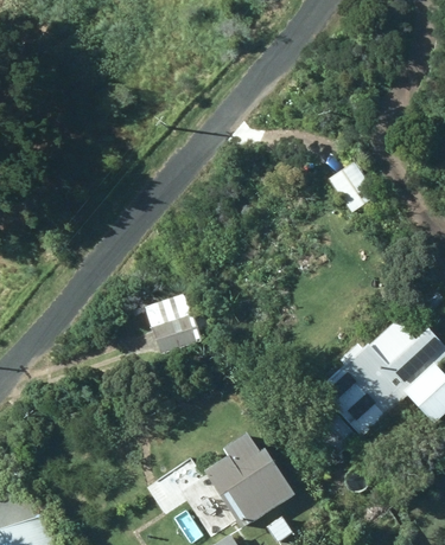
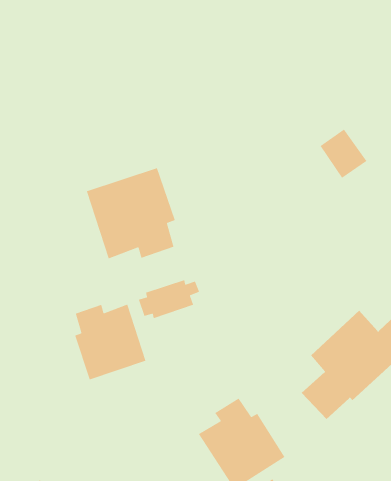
building: none -> [86,167,176,259]
building: none -> [74,304,147,380]

